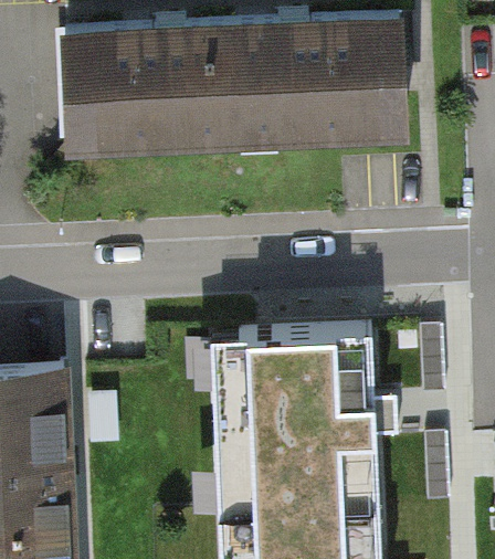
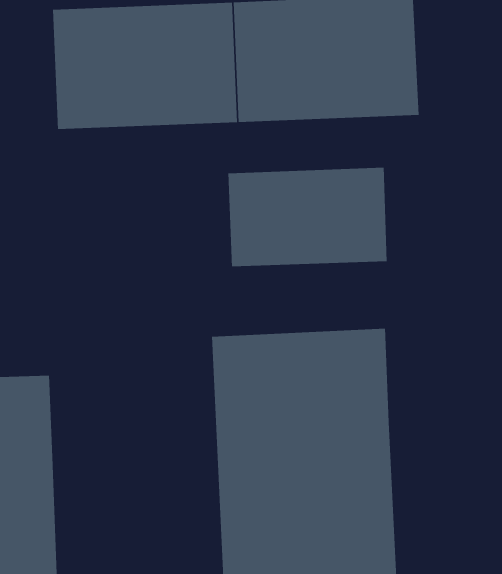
building: none -> [228,167,387,267]

